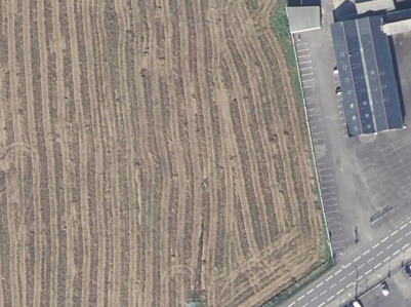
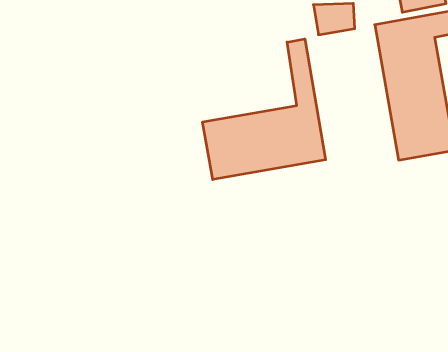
building: none -> [203,39,326,180]

